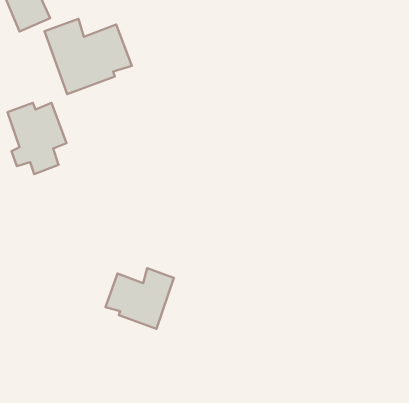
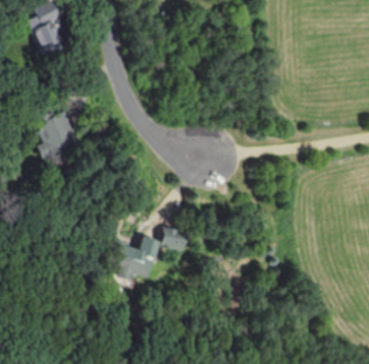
building: [44,19,132,94] -> none
building: none -> [161,227,186,250]

